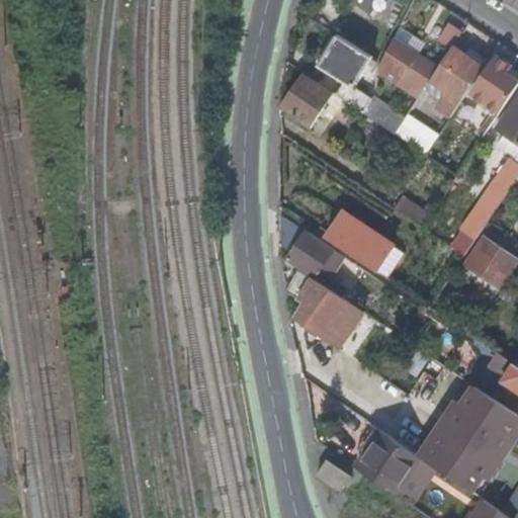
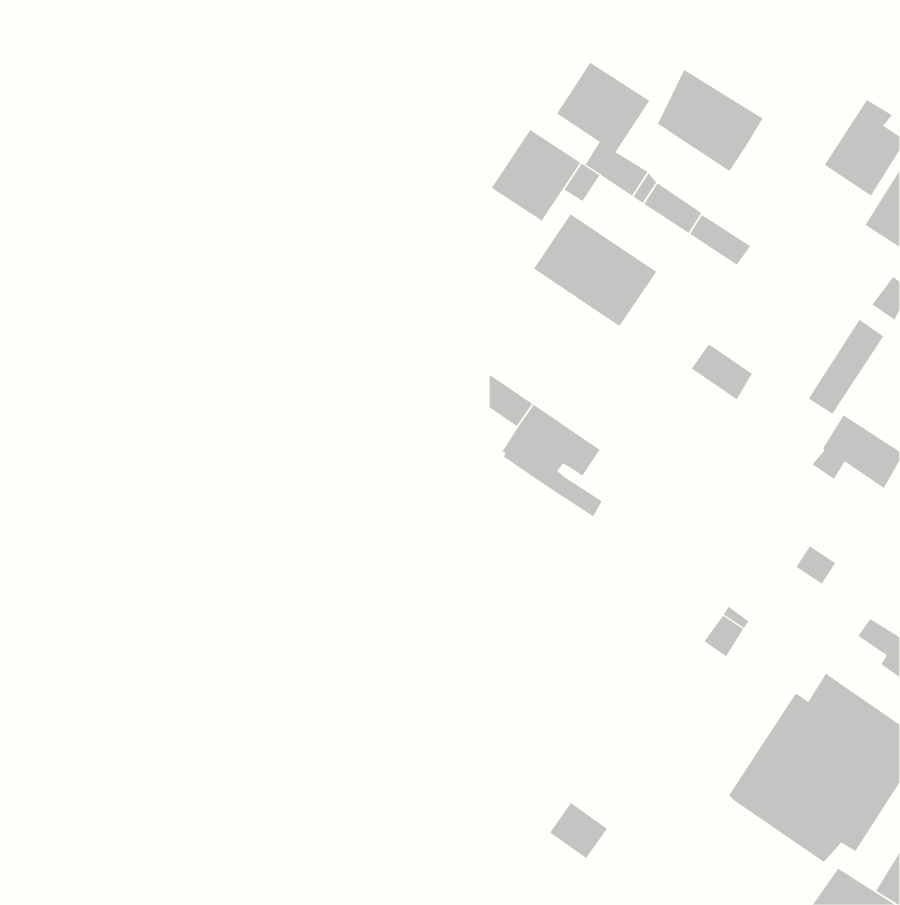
building: [428,46,482,115] -> none
building: [324,205,395,270] -> [533,213,657,327]
building: [284,276,363,346] -> none
building: [355,429,419,493] -> none

